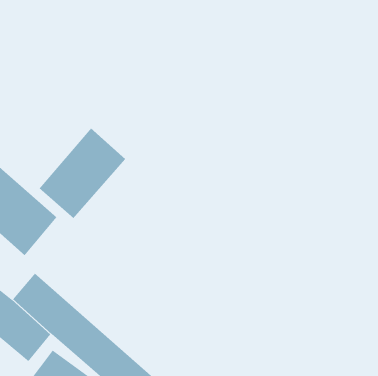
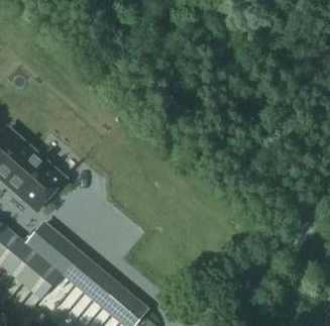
building: [39,127,126,219] -> none

